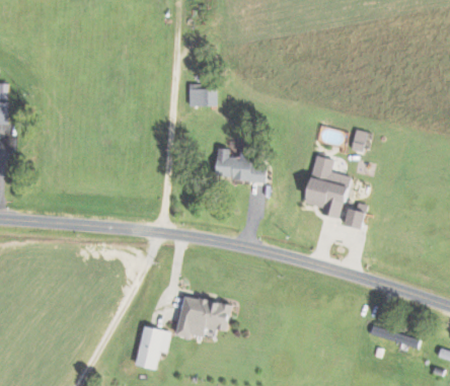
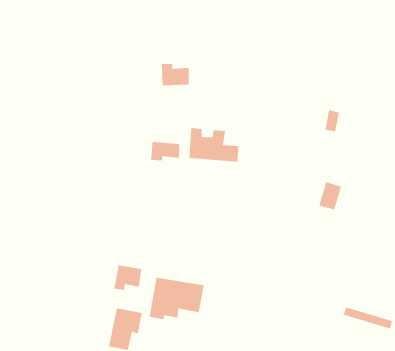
building: [304,155,350,219] -> none
building: none -> [150,141,180,161]
building: none -> [114,265,142,290]

